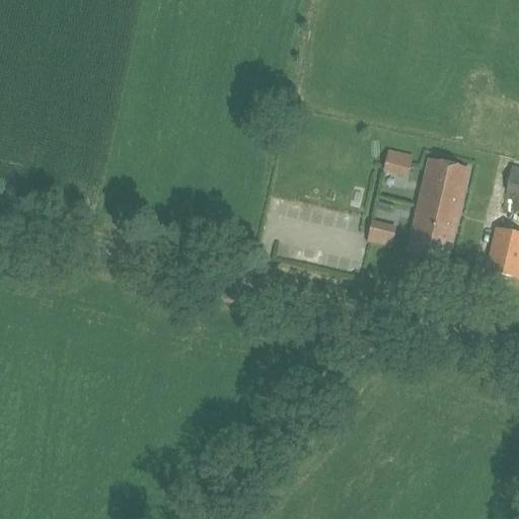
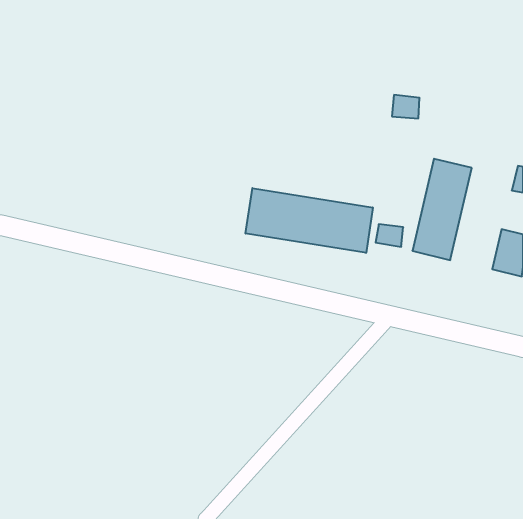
building: [388,148,416,171] -> [392,95,420,118]
building: none -> [246,188,373,253]

